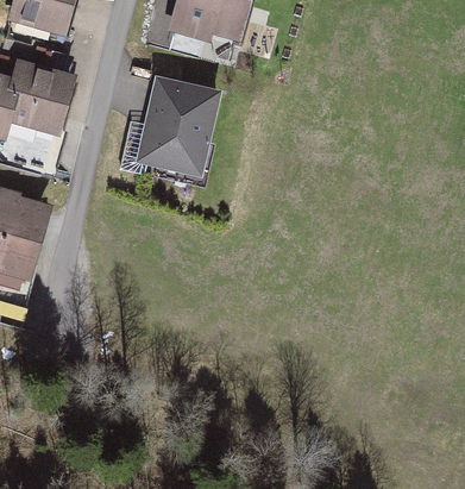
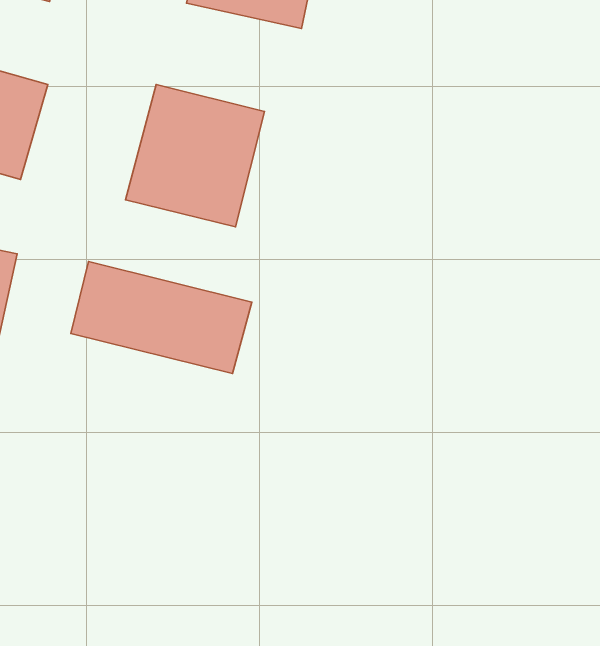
building: none -> [71,262,252,374]

